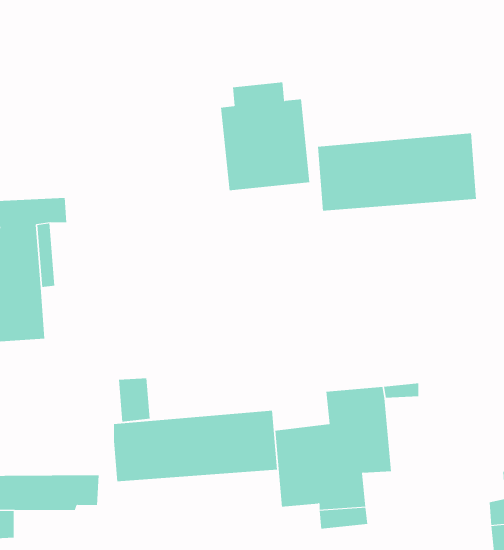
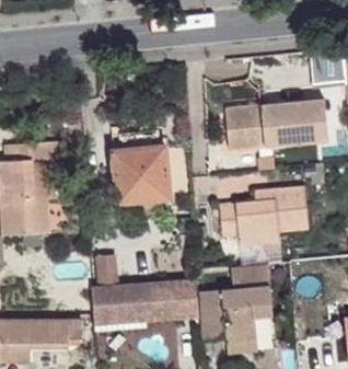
building: [220,82,310,191] -> [112,134,170,204]
building: none -> [219,187,308,244]

